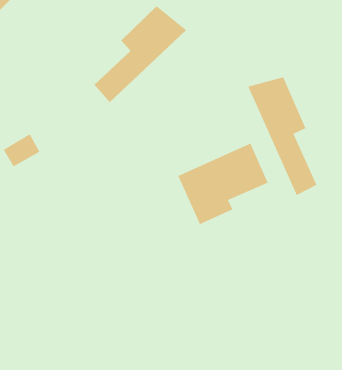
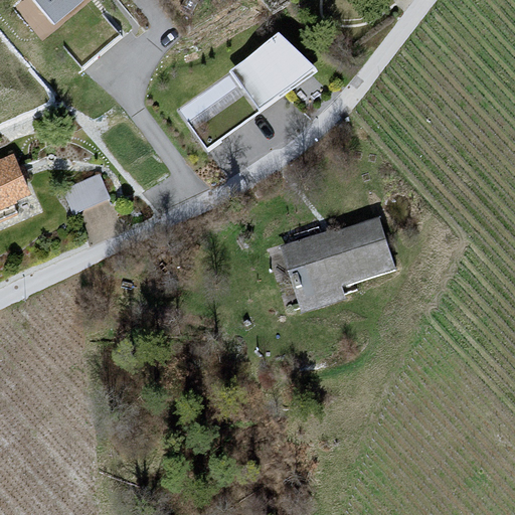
building: [248,76,317,196] -> none

